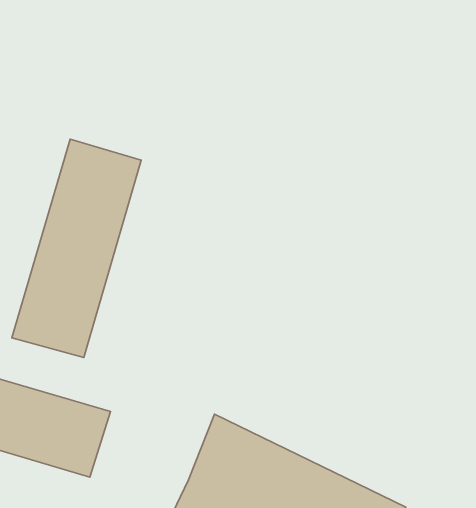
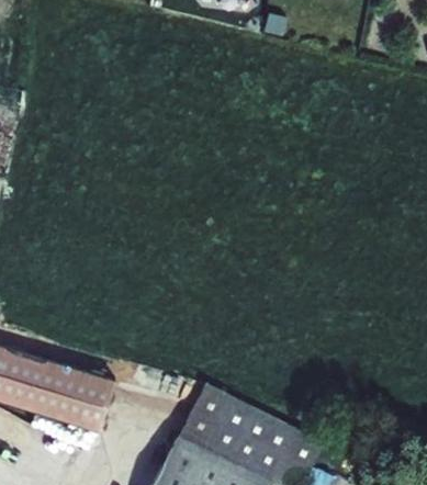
building: [12,139,141,357] -> none

